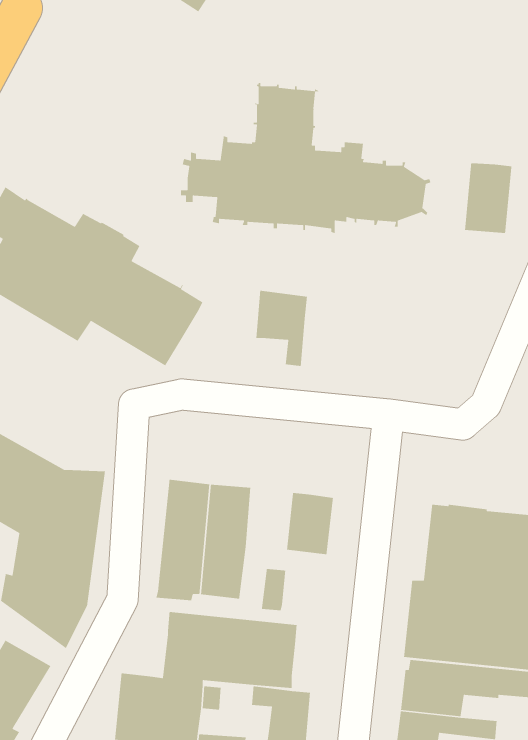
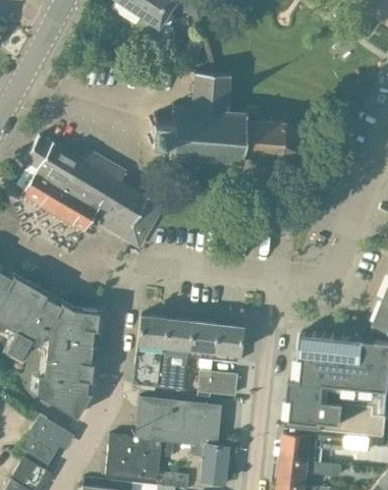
building: [464,160,513,234] -> none
building: [255,290,308,367] -> none
building: none -> [187,321,216,360]
building: none -> [210,372,236,395]

